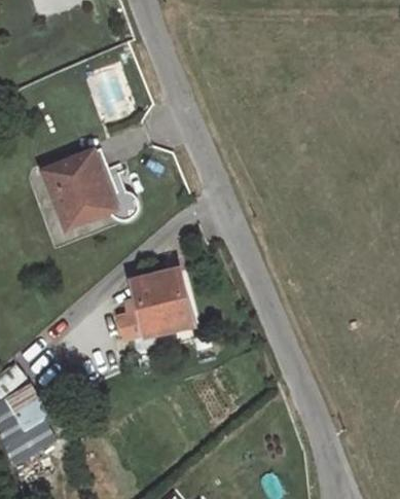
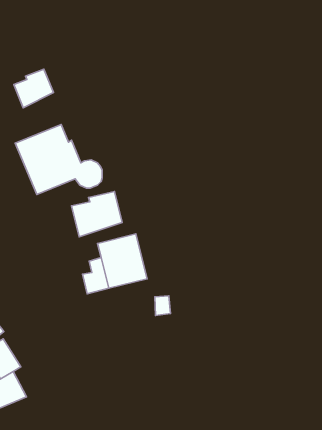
building: none -> [14,69,53,108]
building: none -> [71,192,122,237]

